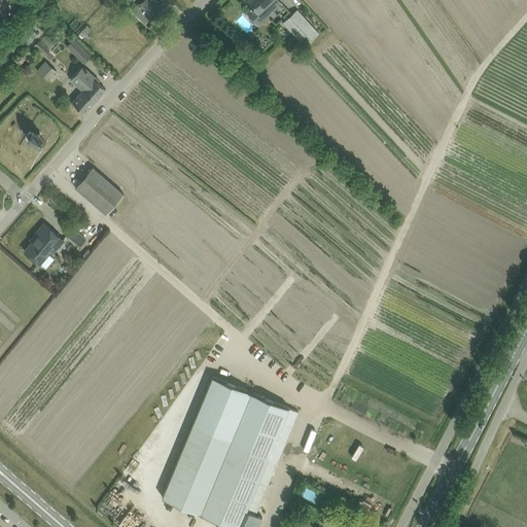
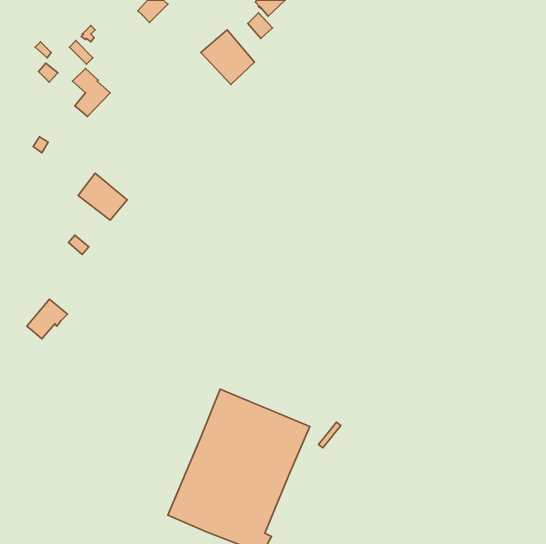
building: [283,11,319,48] -> none
building: none -> [201,30,255,85]
building: [25,227,64,266] -> [27,299,68,339]

